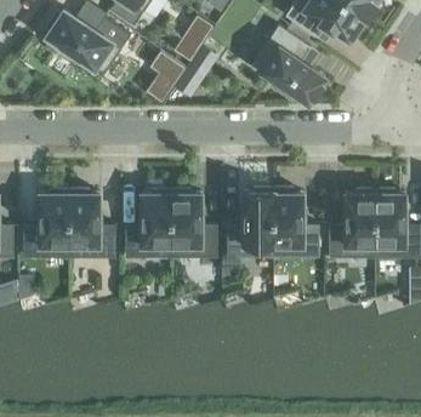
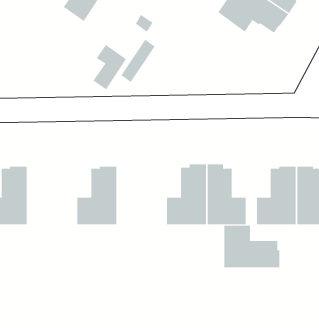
building: [45,8,130,74] -> none
building: [252,24,324,101] -> none
building: [69,189,114,256] -> none
building: [171,189,216,256] -> none
building: none -> [224,225,280,268]

